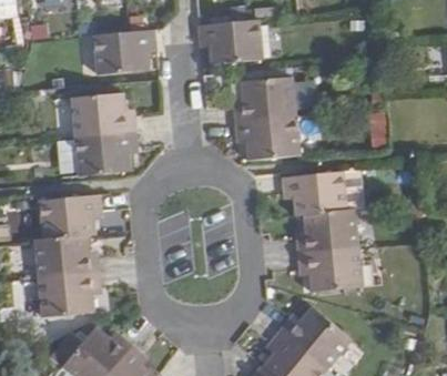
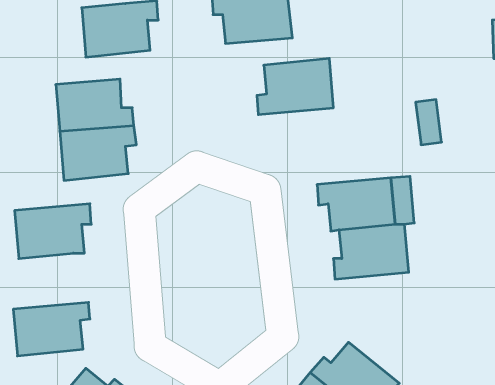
building: [235,116,299,160] -> none
building: [33,234,98,280] -> none
building: [297,250,360,293] -> none

